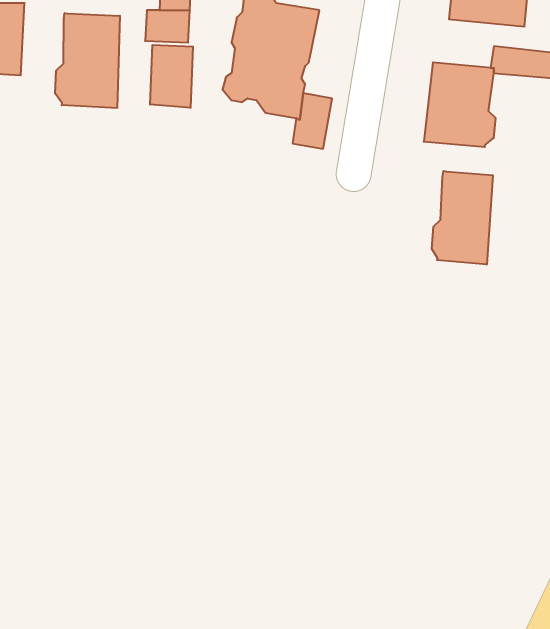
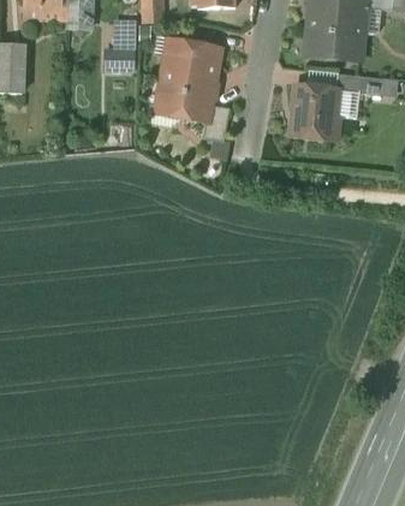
building: [55,13,120,108] -> none
building: [150,45,193,108] -> none
building: [432,171,493,265] -> none

